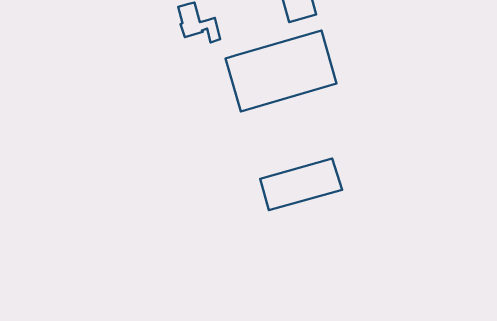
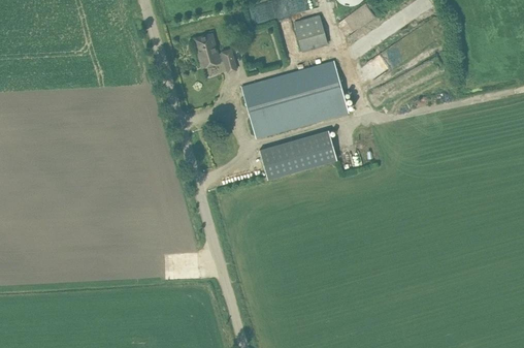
building: [260,158,342,210] -> [259,130,337,180]

